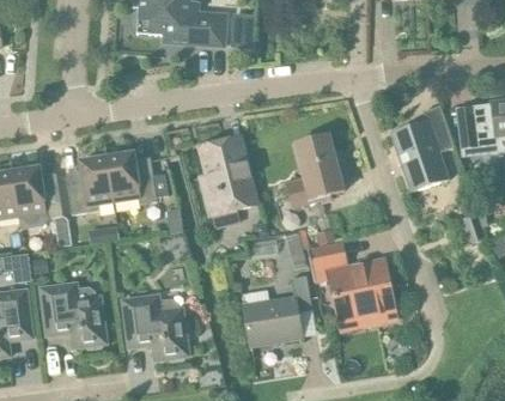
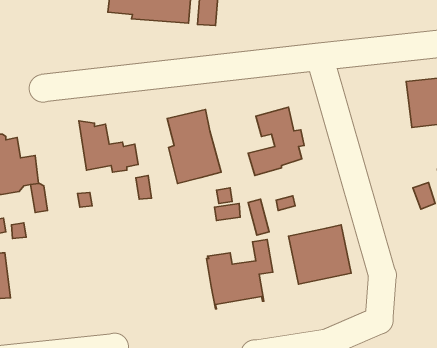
building: [390,105,455,193] -> none
building: [67,148,114,214] -> none
building: [308,244,339,284] -> none
building: [41,284,107,347] -> none
building: [123,296,189,359] -> none

